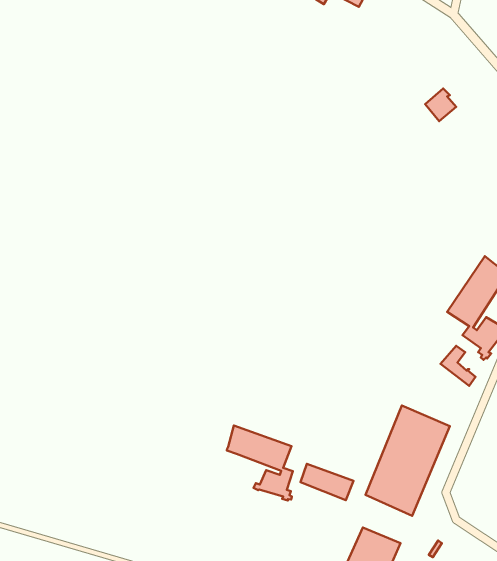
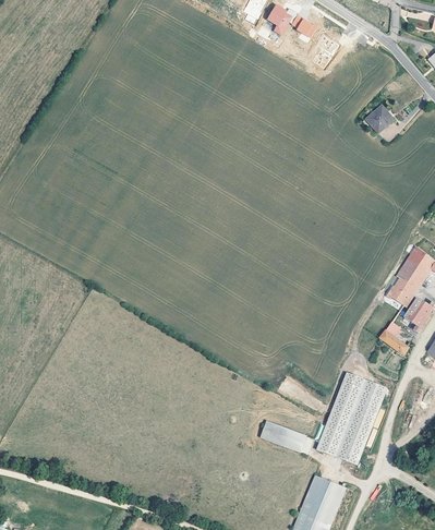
building: [227,425,293,501] -> none

